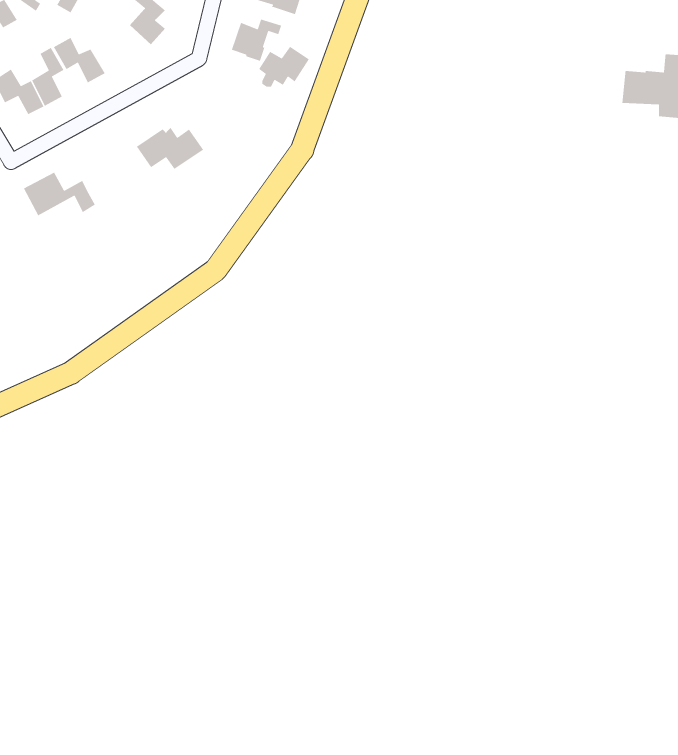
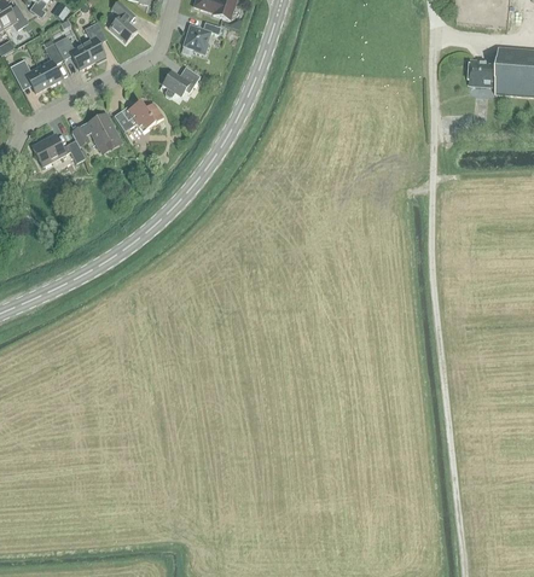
building: none -> [81,21,106,63]
building: [258,46,310,87] -> [162,66,199,97]
building: none -> [72,113,118,148]

